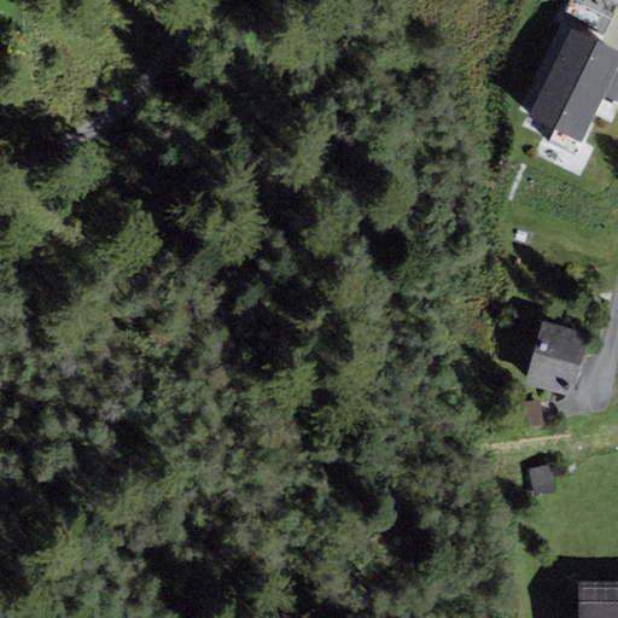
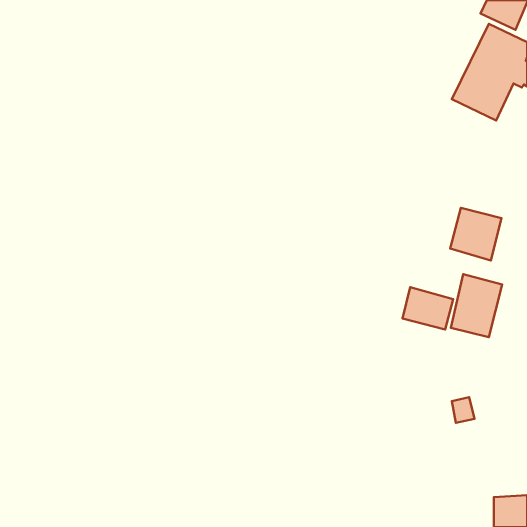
building: none -> [450,208,501,260]
building: none -> [403,287,453,329]

